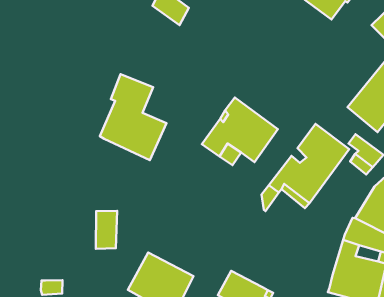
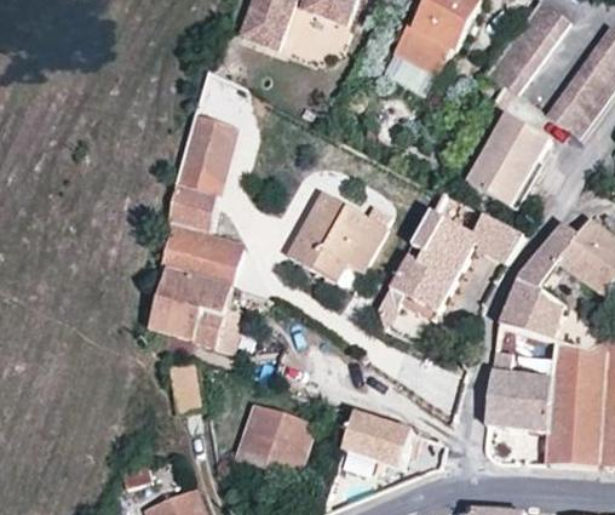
building: none -> [173,116,237,198]
building: none -> [149,273,243,356]

